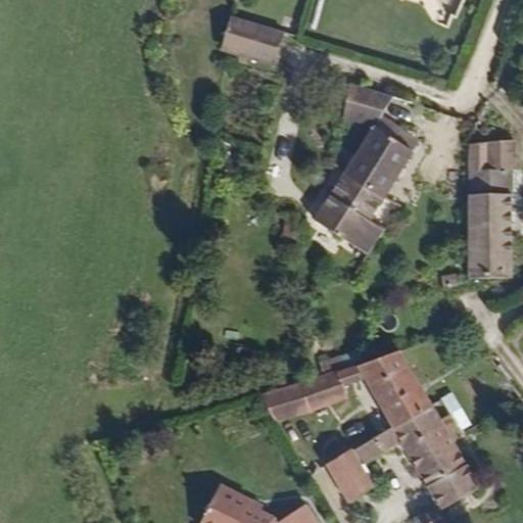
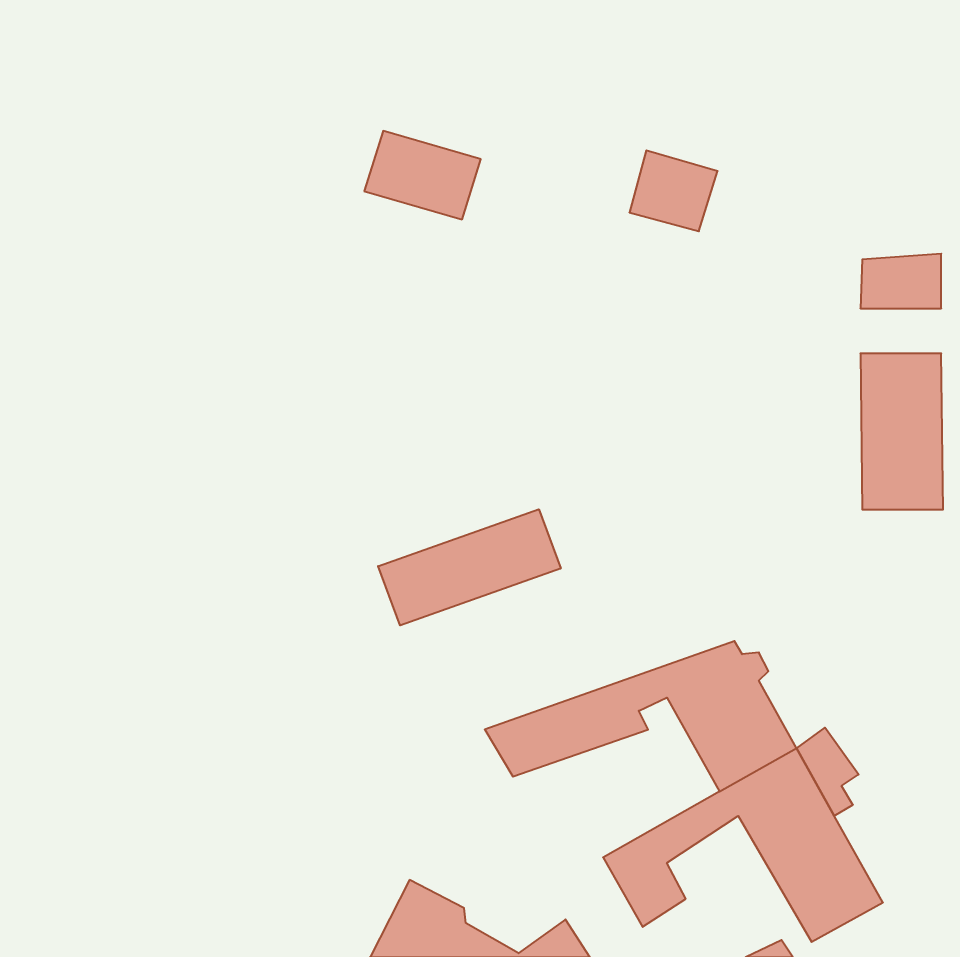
building: [209,19,273,67] -> [364,131,481,219]
building: [301,127,403,265] -> none
building: [468,168,512,192] -> none
building: none -> [378,509,561,625]

